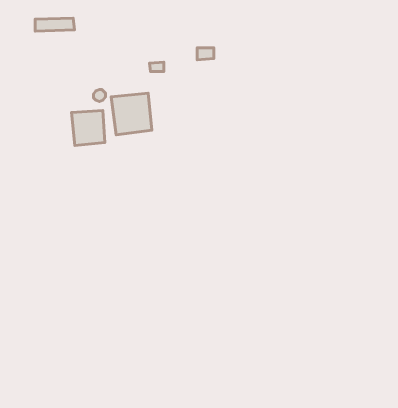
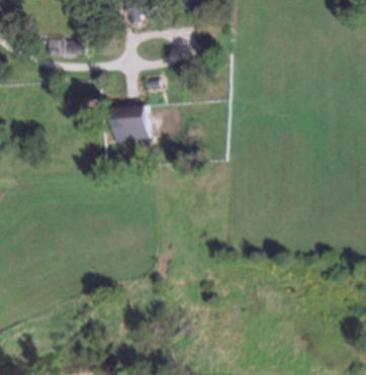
building: [72,111,105,146] -> none

